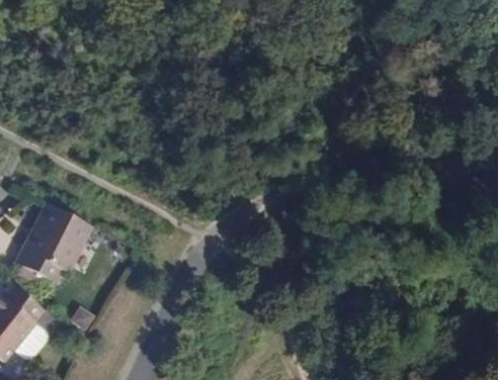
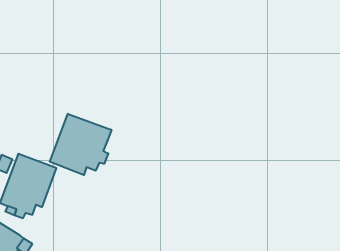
building: none -> [50,114,111,175]

